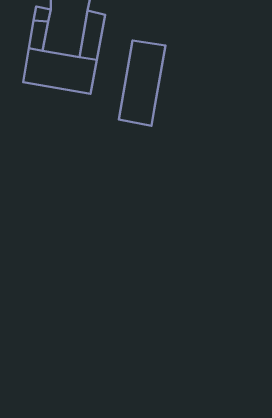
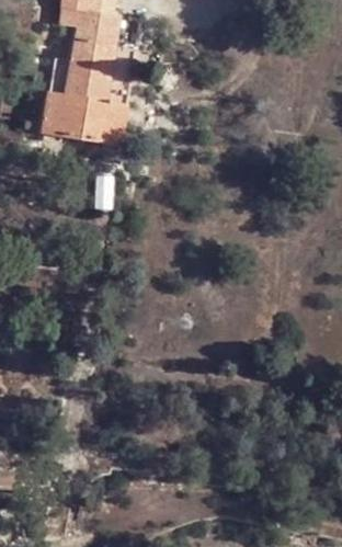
building: [119,40,166,126] -> none

